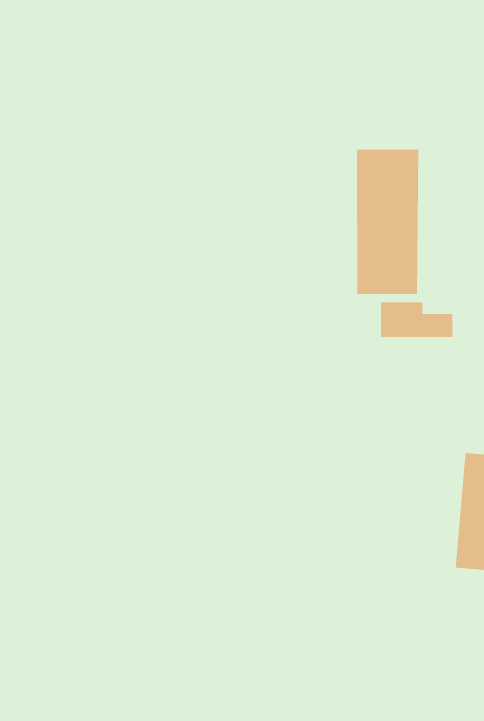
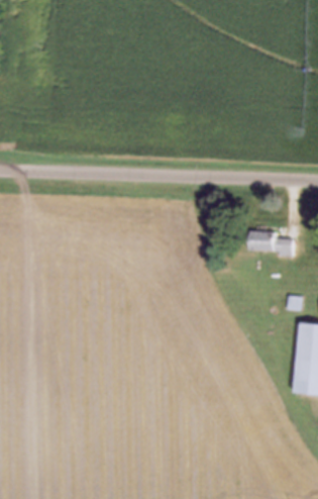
building: [356,149,419,295] -> none

